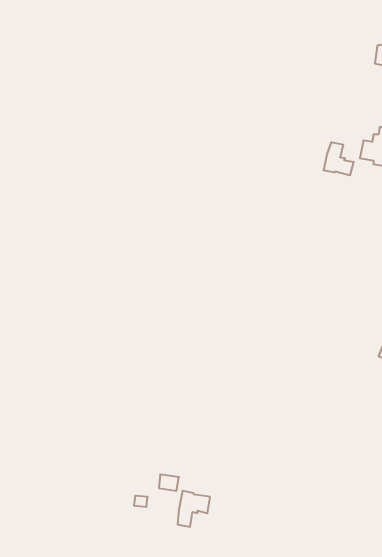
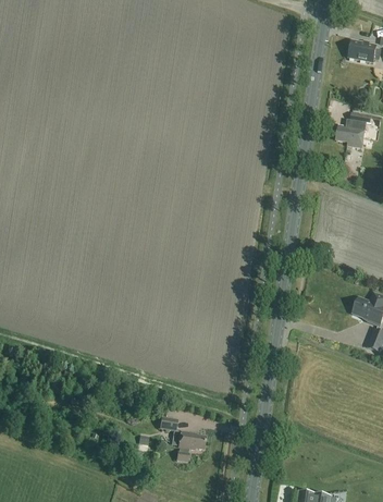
building: [324,142,354,175] -> none

